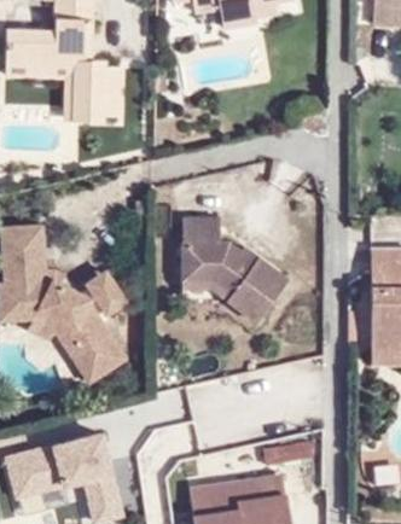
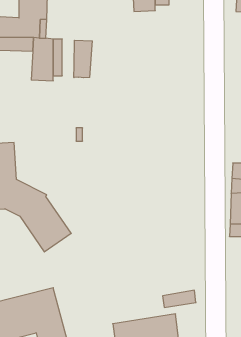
building: none -> [74,40,92,78]
building: [181,214,291,322] -> none
building: [85,266,130,315] -> none

